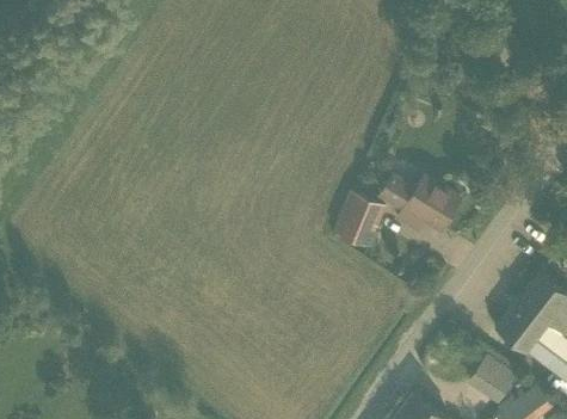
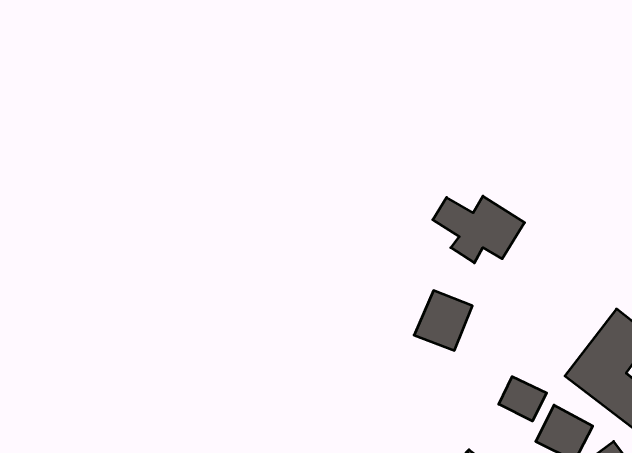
building: [337,196,387,247] -> [414,291,472,350]
building: none -> [499,377,547,421]

